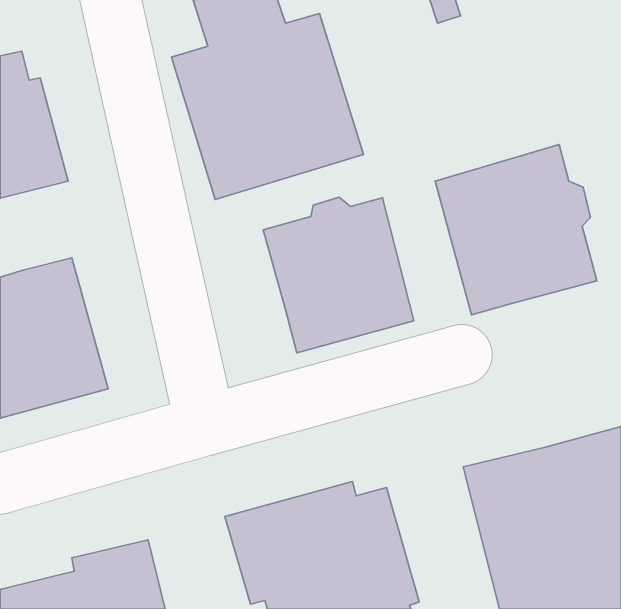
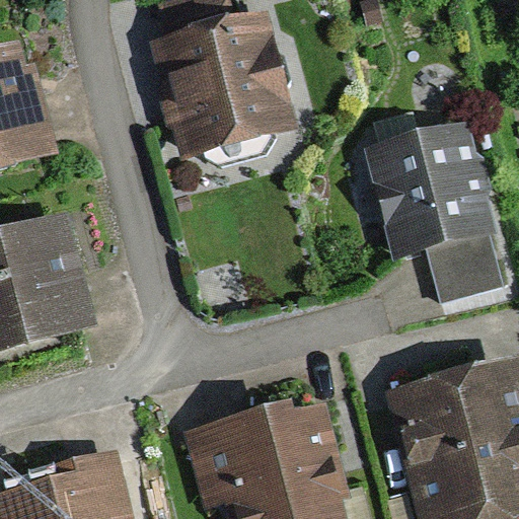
building: [263,197,414,353] -> none
building: none -> [429,234,509,297]

